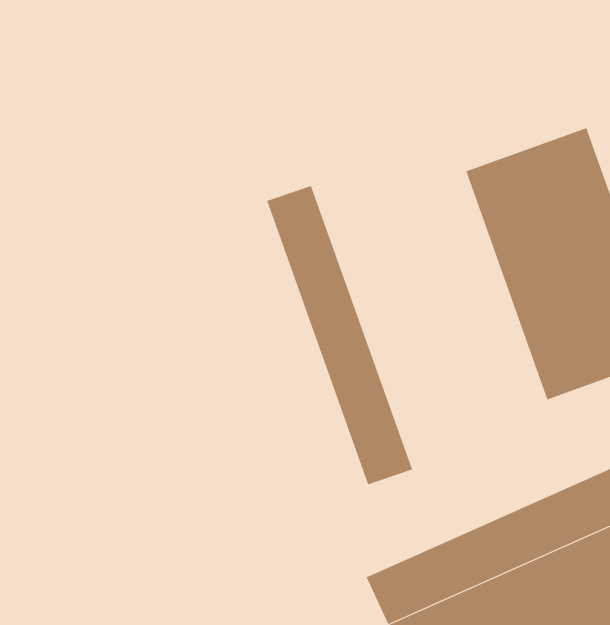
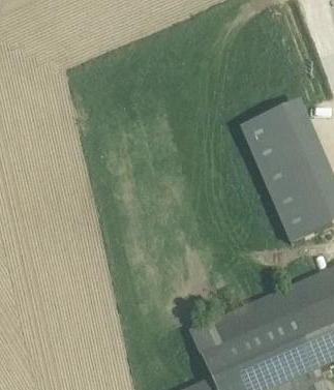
building: [266,185,413,485] -> none

